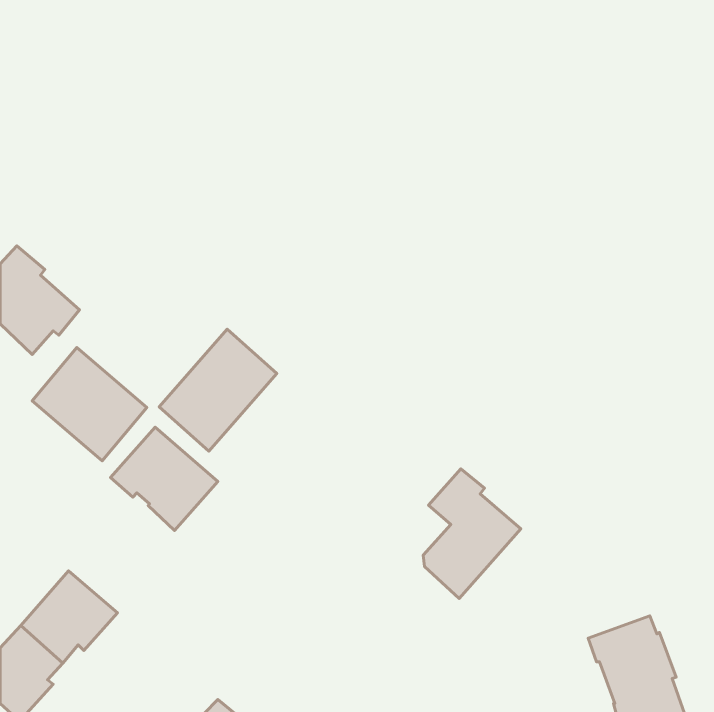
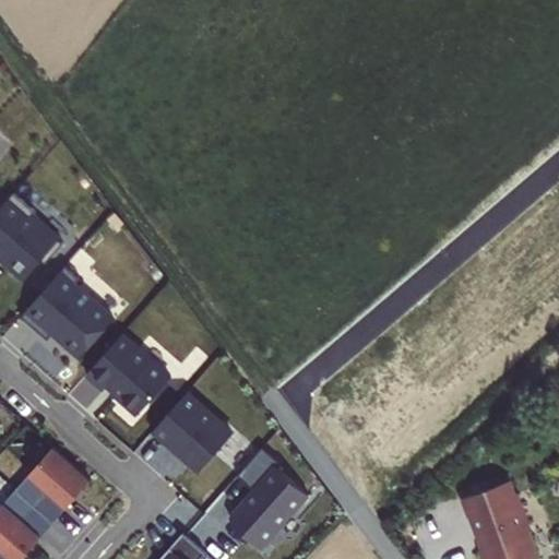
building: [159,329,277,451] -> none
building: [423,469,521,599] -> [233,448,309,549]
building: none -> [152,394,233,471]

